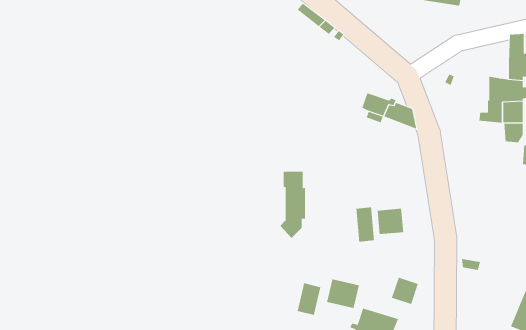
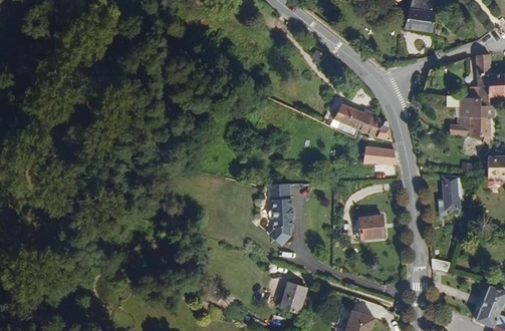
building: none -> [365,145,397,164]
building: none -> [445,177,460,208]
building: [356,206,374,243] -> none
building: [391,277,418,305] -> none
building: [327,278,359,309] -> none

